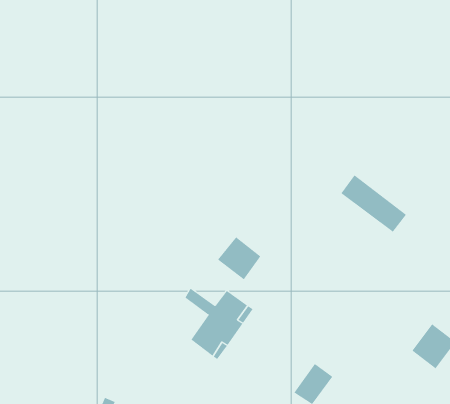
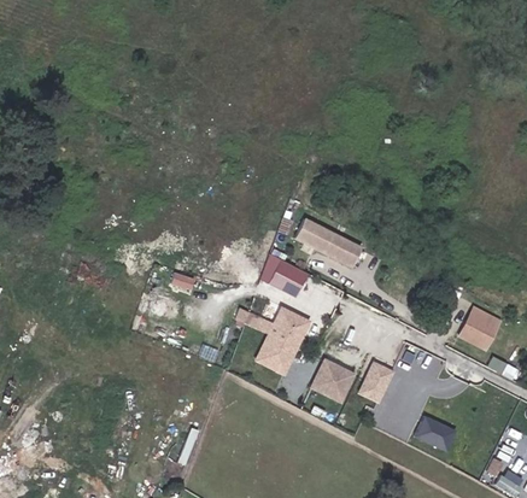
building: [341,174,407,232] -> [298,219,362,266]
building: none -> [312,361,353,400]

